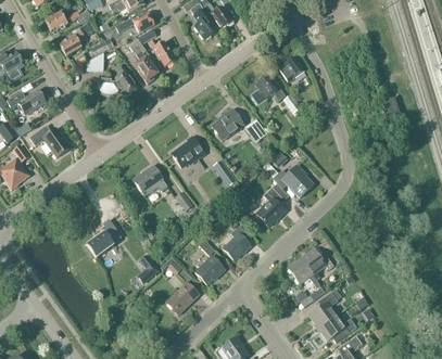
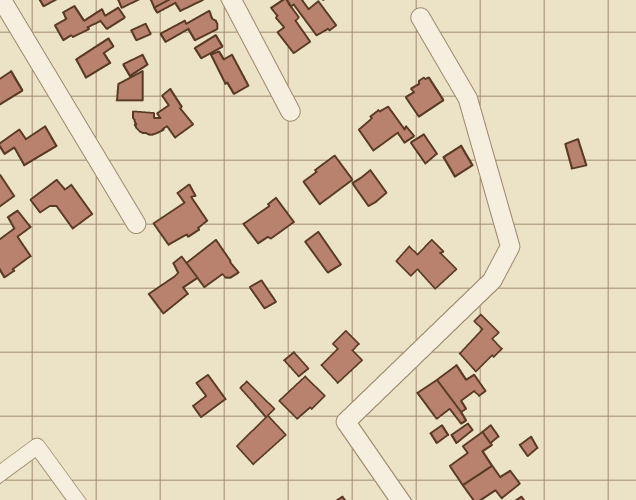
building: [128,38,157,82] -> none
building: none -> [154,185,207,245]
building: [256,188,285,226] -> [460,315,502,371]
building: [86,218,118,256] -> [149,257,198,313]

